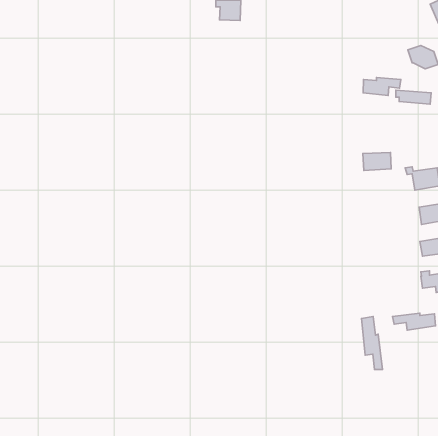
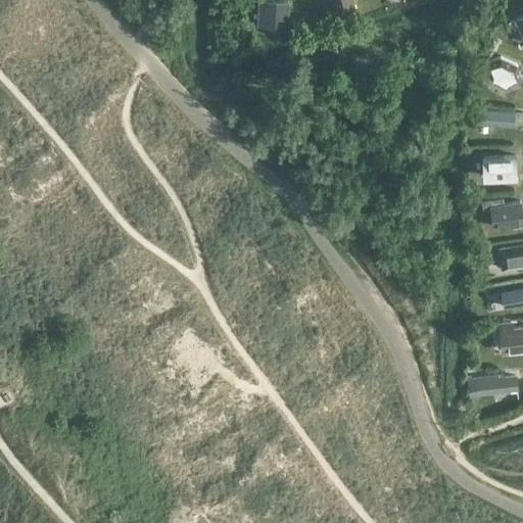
building: [363,78,401,95] -> none
building: [363,153,391,171] -> [483,157,517,179]
building: [361,316,382,370] -> none

